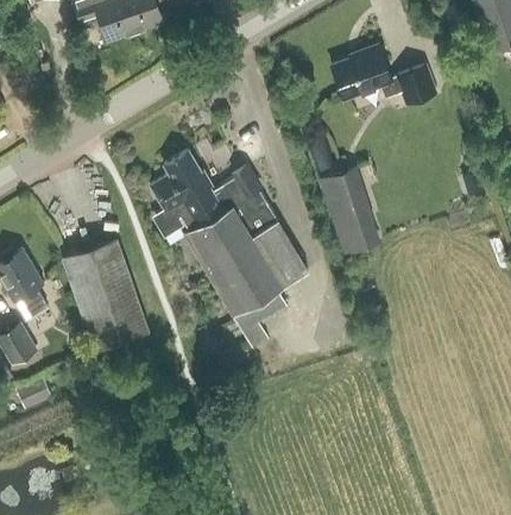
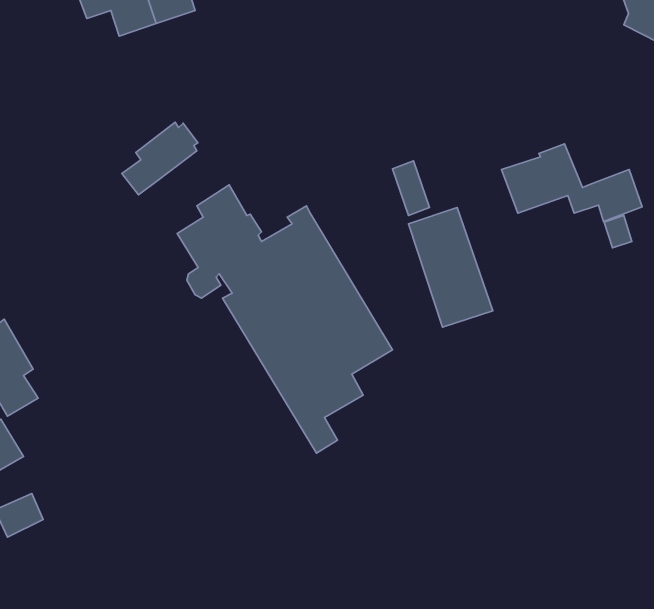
building: [332,46,435,103] -> [502,144,642,221]
building: none -> [122,122,198,195]
building: [62,239,149,348] -> none

